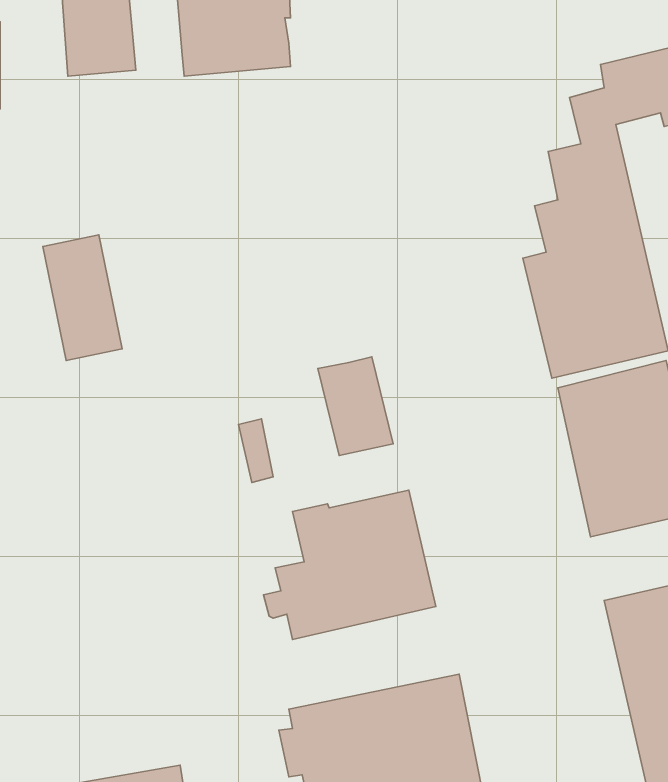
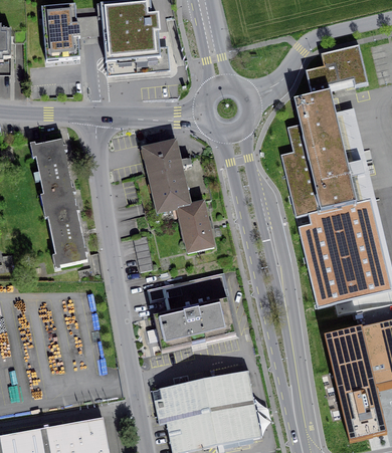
building: none -> [141,142,191,216]
building: none -> [44,201,85,265]

